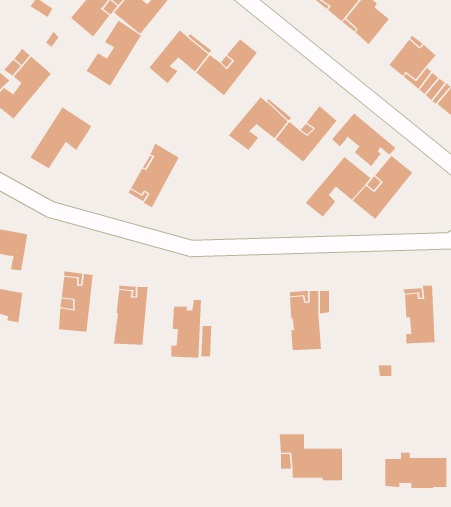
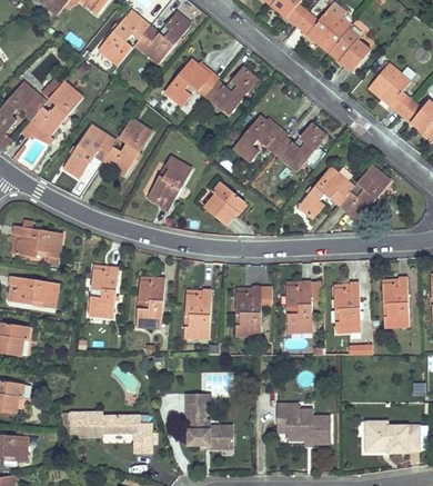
building: [86,20,142,86] -> [103,119,151,176]
building: [332,112,397,167] -> none
building: none -> [203,181,244,225]
building: none -> [333,282,361,333]
building: none -> [234,287,260,337]
building: none -> [184,403,233,448]
building: none -> [71,411,157,452]

